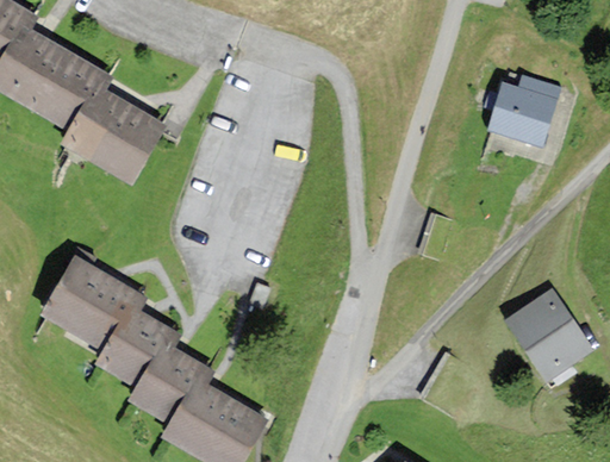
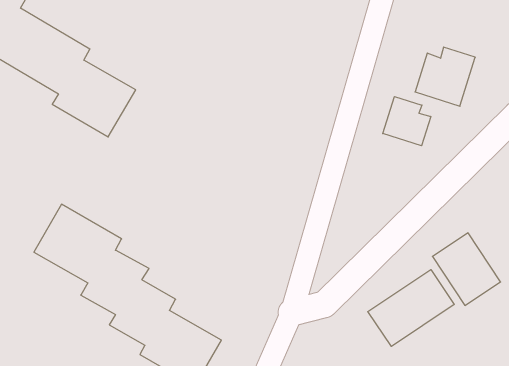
building: none -> [383,97,431,146]
building: none -> [368,270,454,346]

